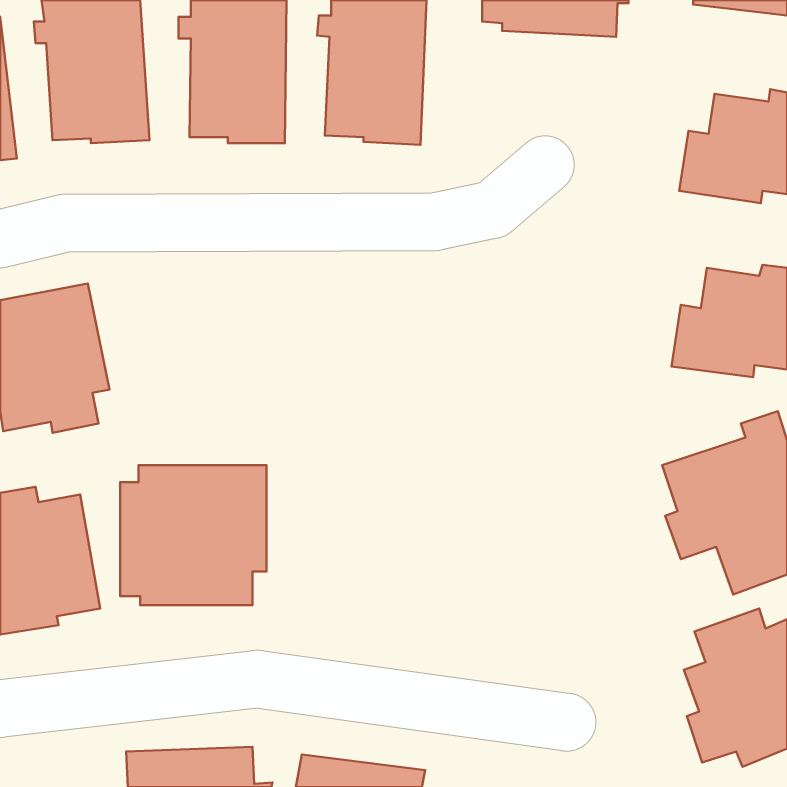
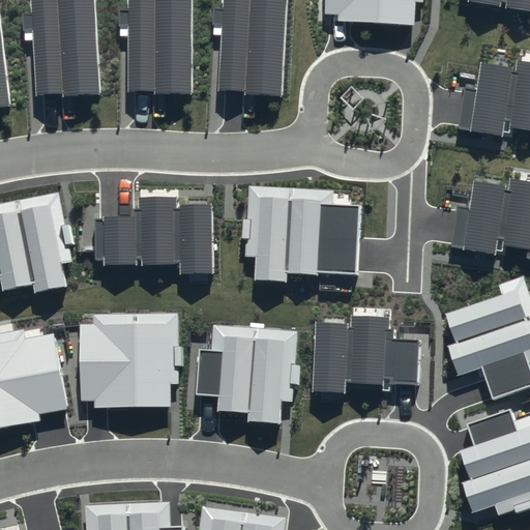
building: none -> [244,185,359,284]
building: none -> [94,196,214,274]
building: none -> [313,316,421,394]
building: none -> [196,325,298,422]

